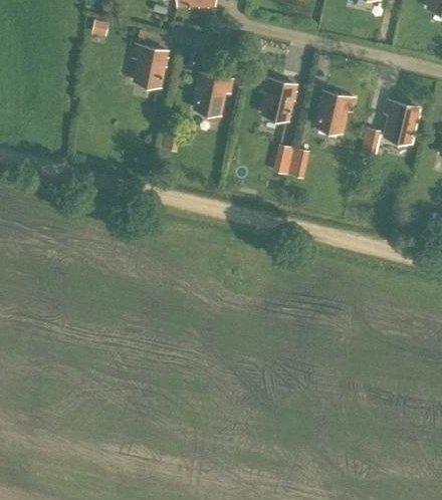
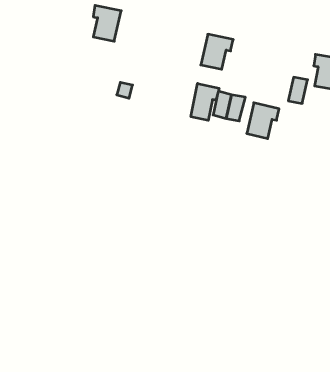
building: [195,74,231,115] -> none
building: [316,92,354,134] -> [247,103,279,139]
building: none -> [191,83,219,120]

